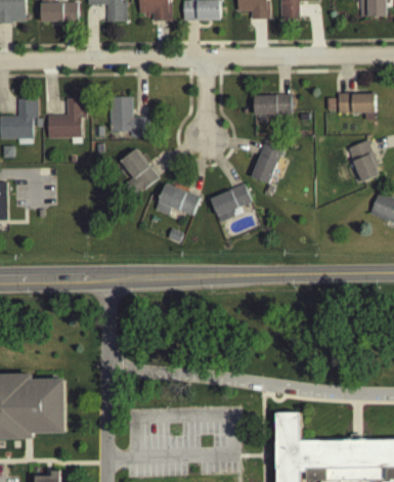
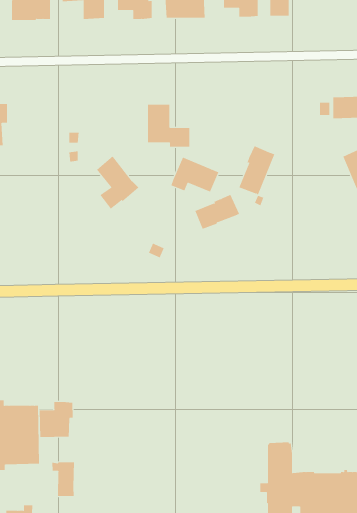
building: [254,94,291,115] -> none
building: [110,96,149,136] -> [147,104,190,147]
building: [47,98,86,138] -> none
building: [155,183,200,217] -> [170,157,219,193]
building: none -> [39,401,73,438]
building: none -> [52,461,74,497]

